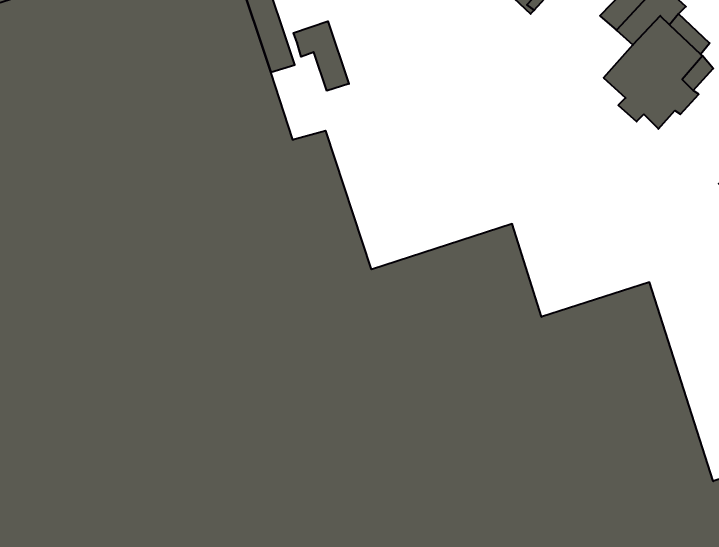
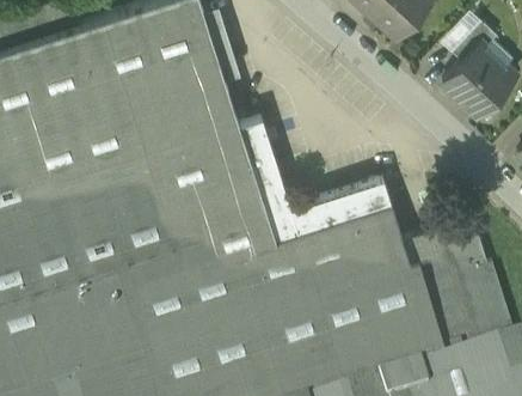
building: [293,21,349,91] -> none

